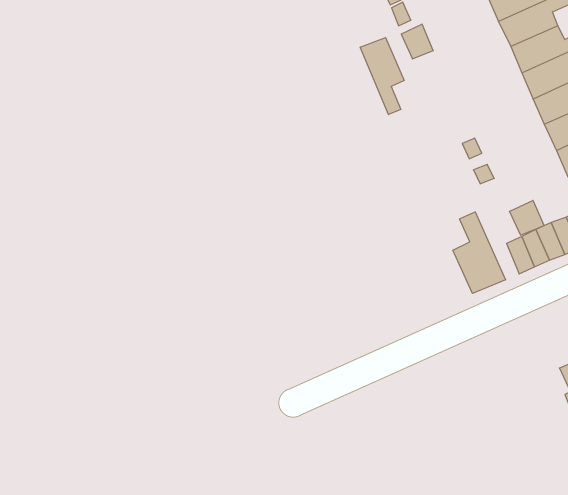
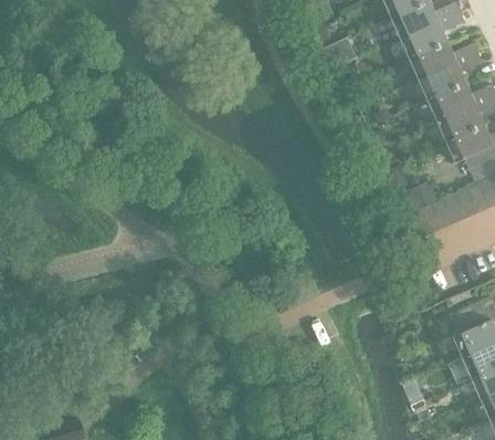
building: [360,38,404,115] -> none
building: [453,212,505,293] -> none

